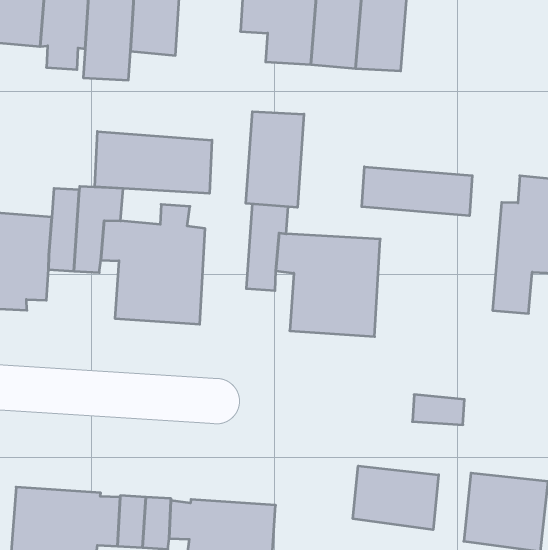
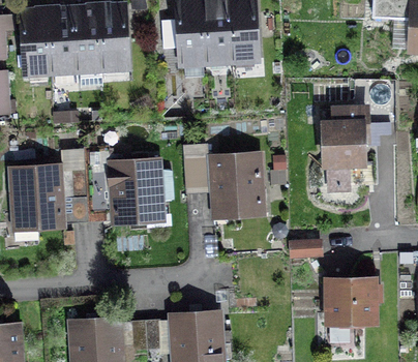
building: [246,112,304,207] -> none
building: [95,131,212,193] -> none
building: [362,167,472,216] -> none
building: [353,466,439,530] -> none

